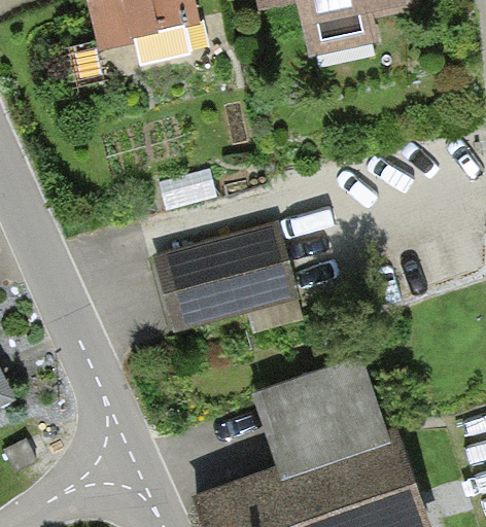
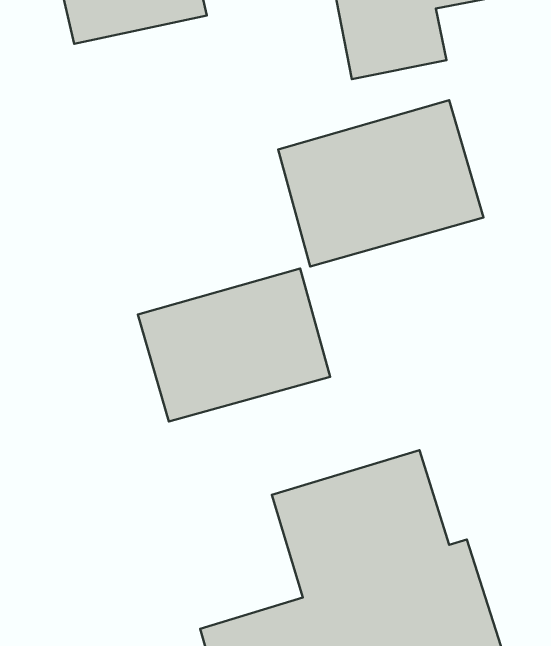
building: none -> [278,100,483,267]

